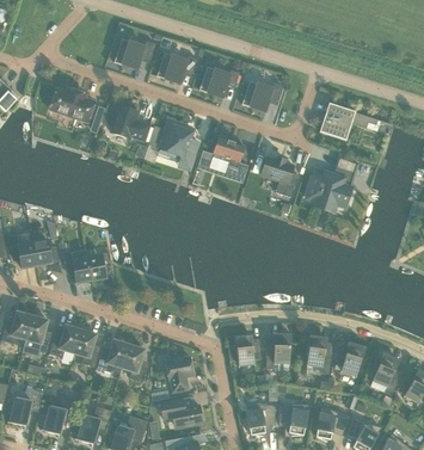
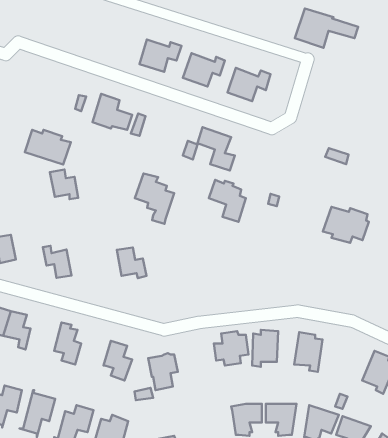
building: [112,37,154,68] -> none
building: [49,87,93,121] -> [25,130,71,165]
building: [318,101,379,140] -> [295,8,358,48]
building: [159,121,197,169] -> [135,173,174,224]
building: [260,155,296,196] -> [209,180,246,222]
building: [306,173,350,208] -> [323,207,369,243]
building: [31,238,59,266] -> [50,170,78,199]
building: [85,252,113,282] -> [117,247,146,278]
building: [48,322,80,356] -> none
building: [96,338,128,371] -> none
building: [333,341,363,375] -> none
building: [159,399,201,426] -> none

